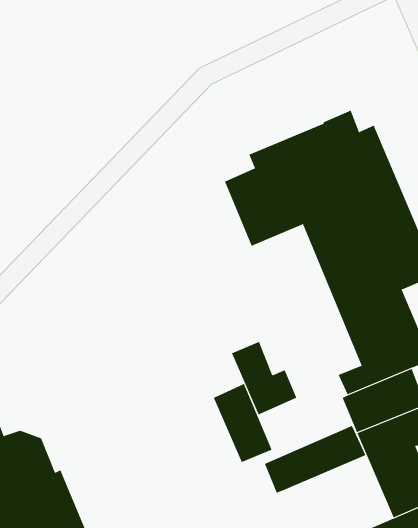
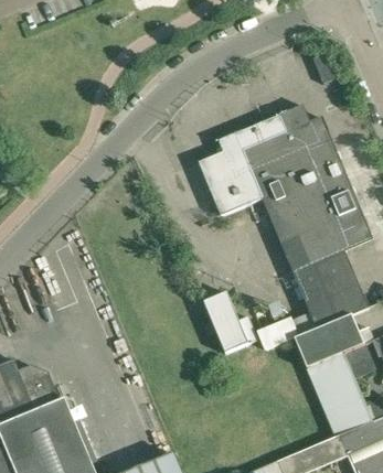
building: [213,383,272,463] -> none
building: [264,425,366,494] -> none

